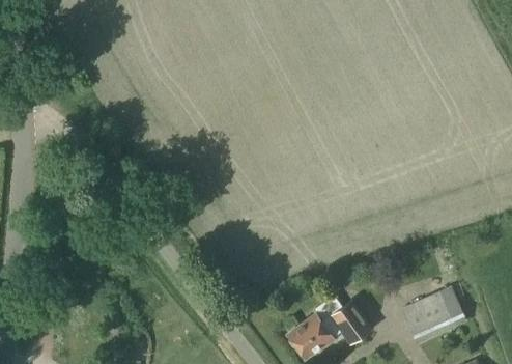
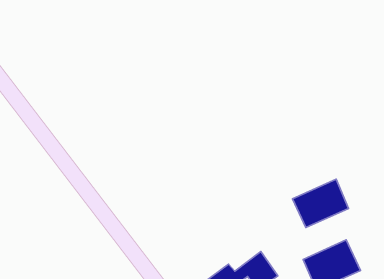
building: none -> [293,179,349,227]

